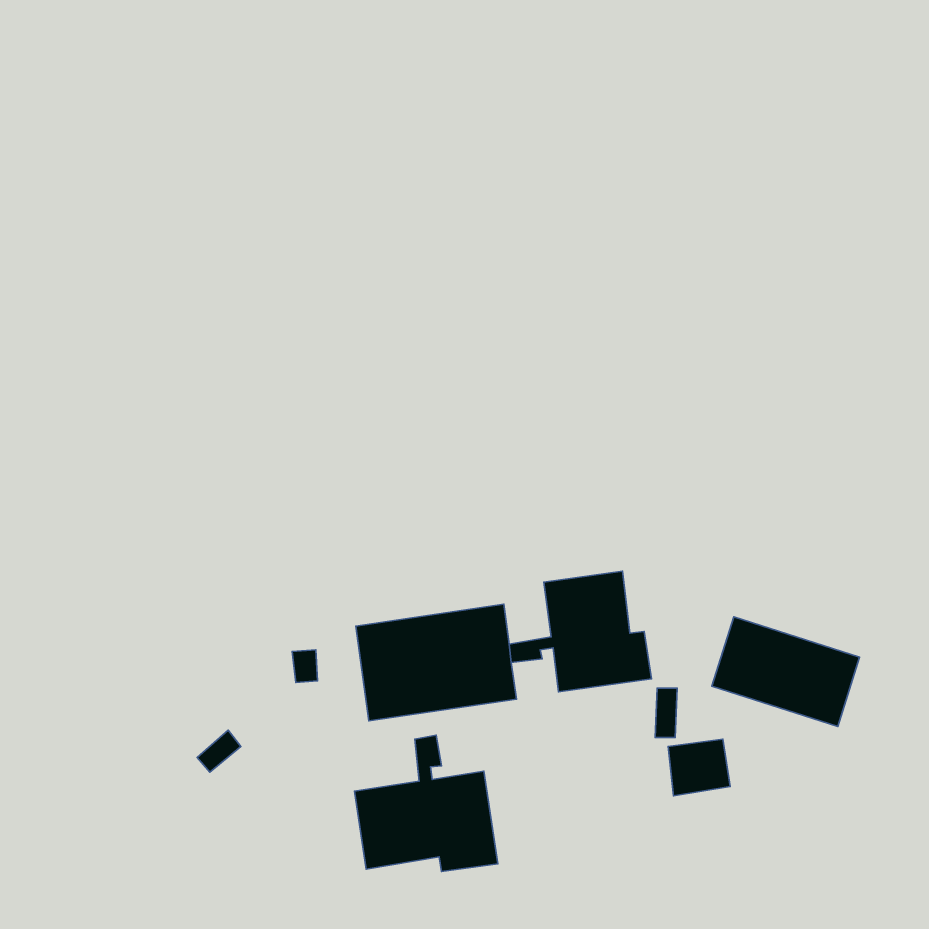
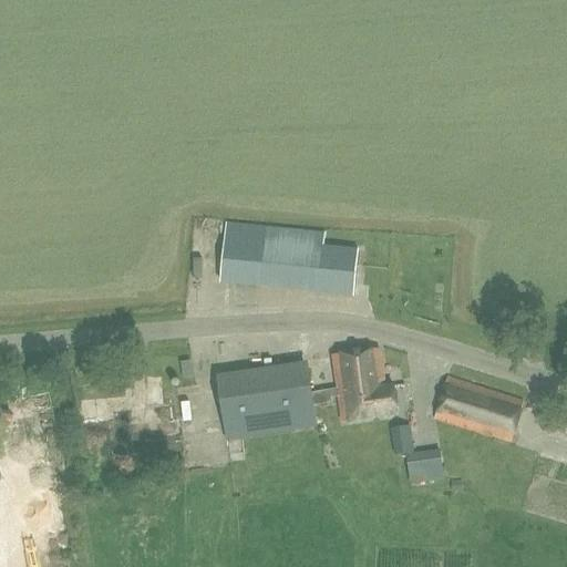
building: none -> [218,219,357,293]
building: [355,735,498,871] -> none

